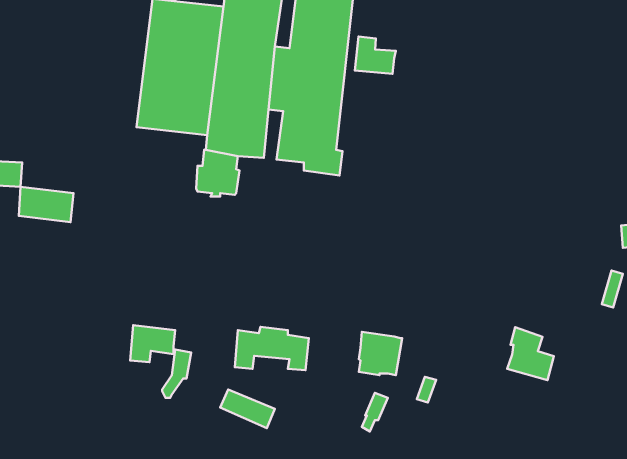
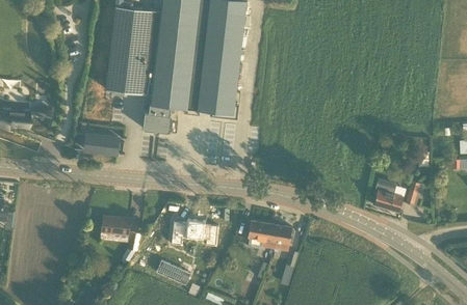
building: [355,37,396,74] -> none
building: [19,187,74,222] -> [86,134,122,157]
building: [507,327,554,380] -> [373,178,404,213]
building: none -> [273,225,292,252]

